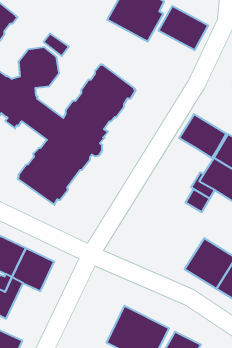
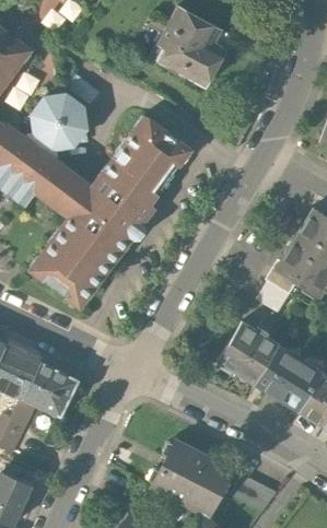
building: [159,6,208,50] -> none
building: [179,114,226,158] -> none
building: none -> [214,324,281,390]

